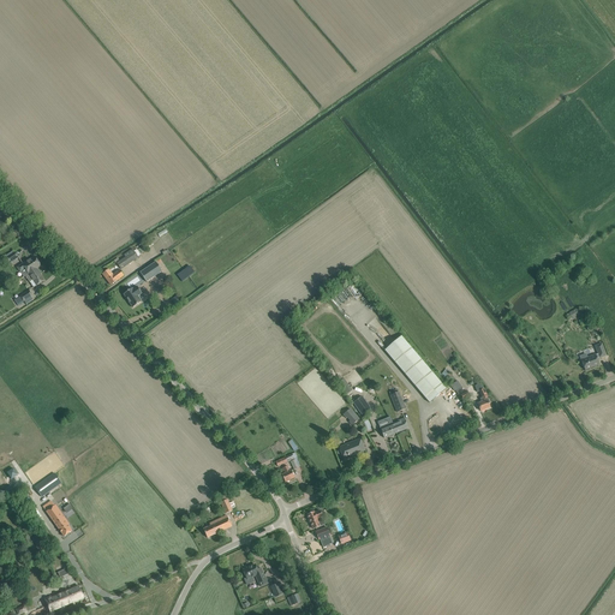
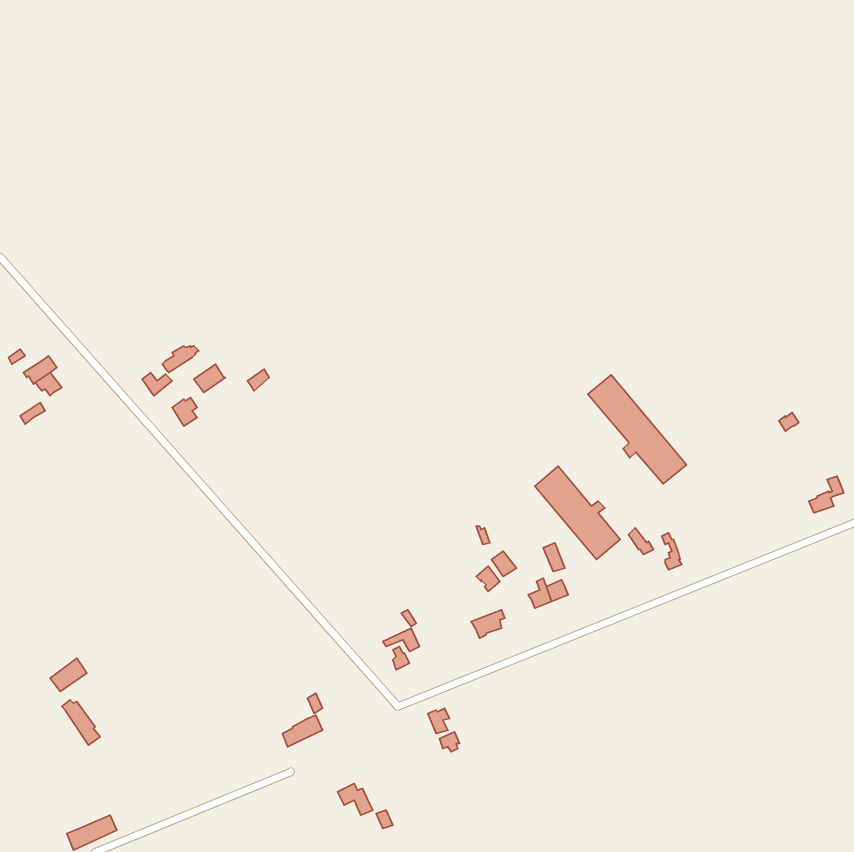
building: none -> [588,375,687,484]

